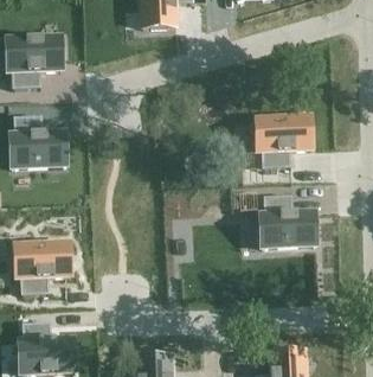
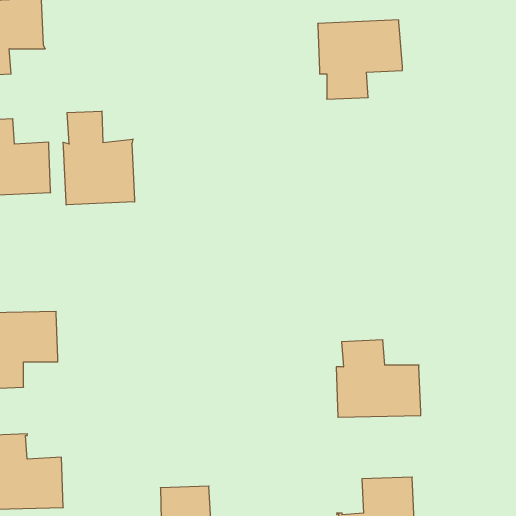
building: none -> [63,111,135,205]
building: [256,114,311,166] -> [318,20,402,99]
building: [259,193,315,244] -> [336,340,421,417]

